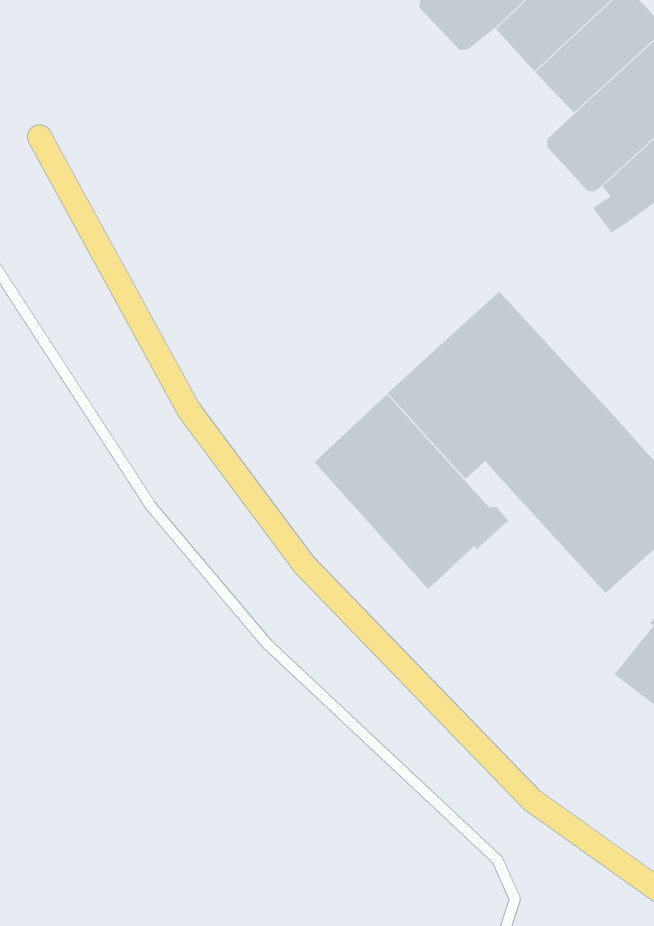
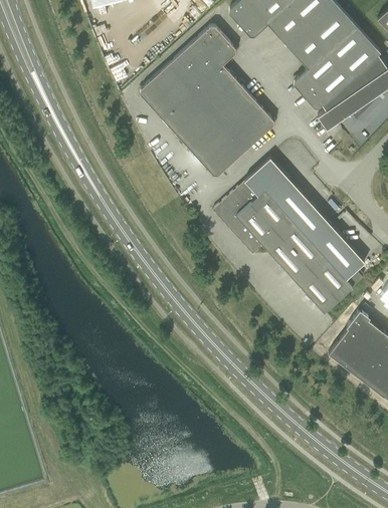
building: none -> [141,25,274,175]
building: [314,394,509,590] -> none

